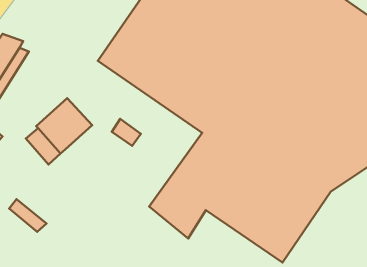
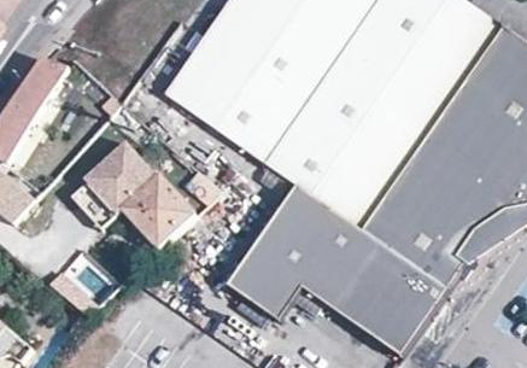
building: none -> [121,174,194,249]

